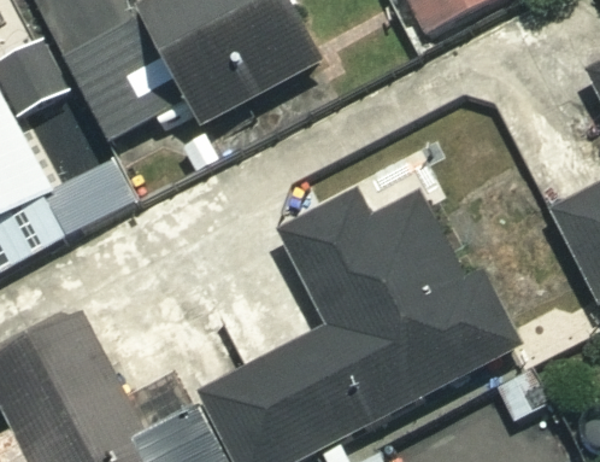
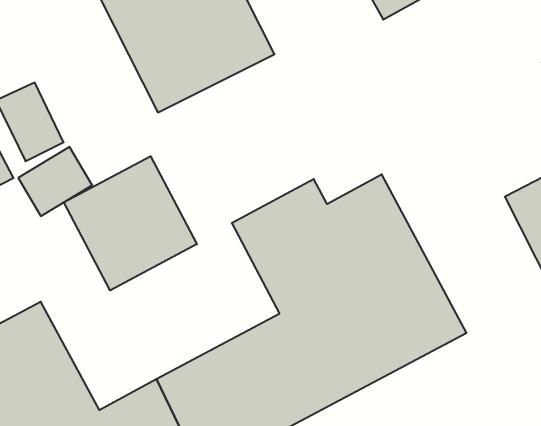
building: none -> [64,156,197,290]

